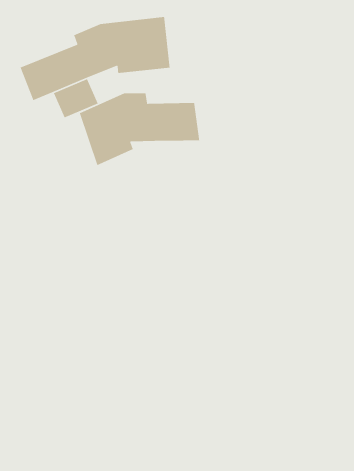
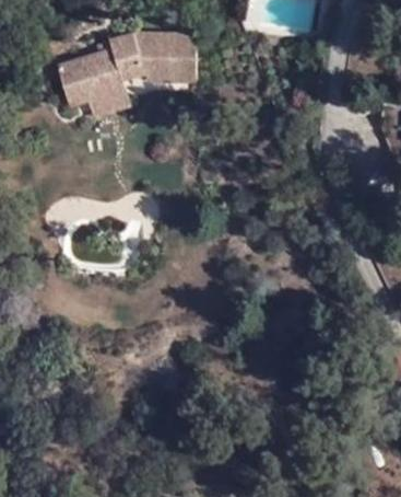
building: [79,92,200,166] -> none

